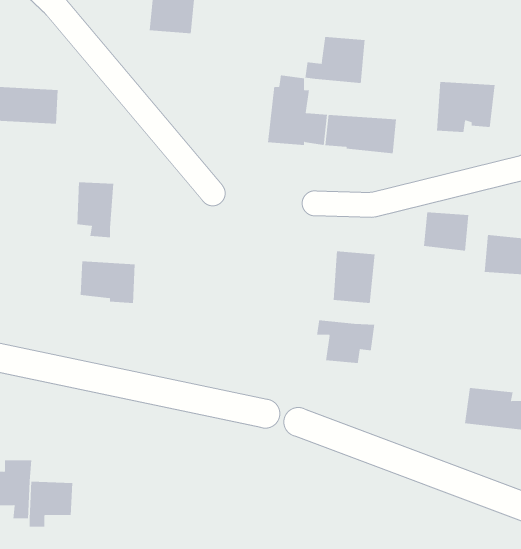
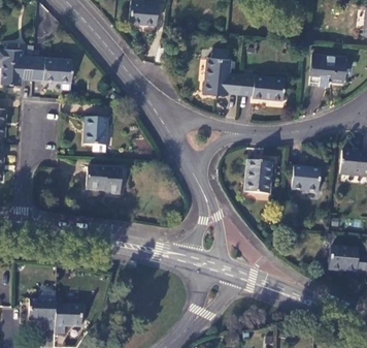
building: [305,36,365,84] -> none
building: [423,212,469,251] -> [292,166,321,191]
building: [317,320,375,364] -> none

